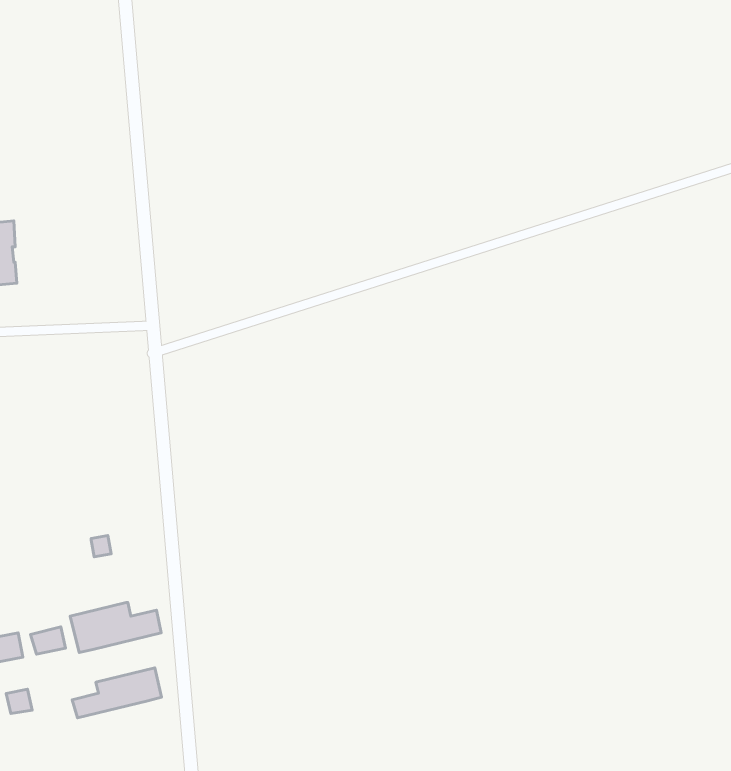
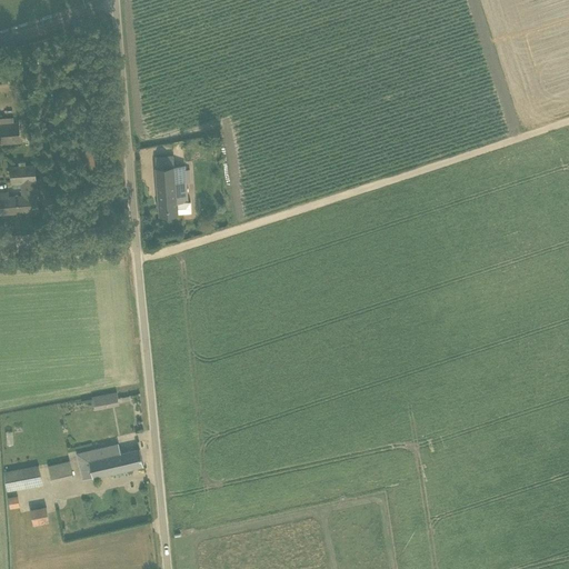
building: none -> [153,164,189,214]
building: [72,668,162,718] -> none

